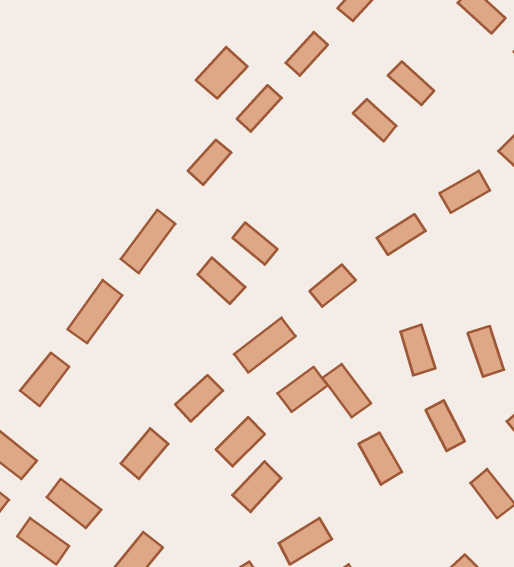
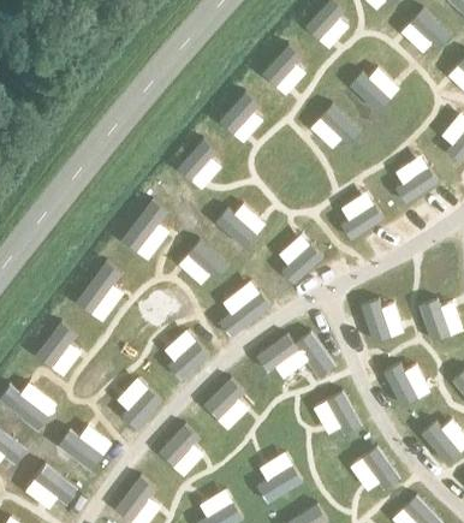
building: [196,47,247,98] -> none
building: [232,461,281,512] -> [157,423,200,466]
building: none -> [361,446,400,489]

